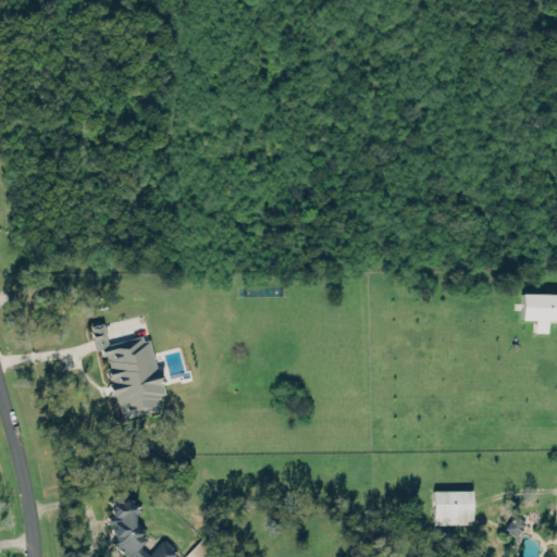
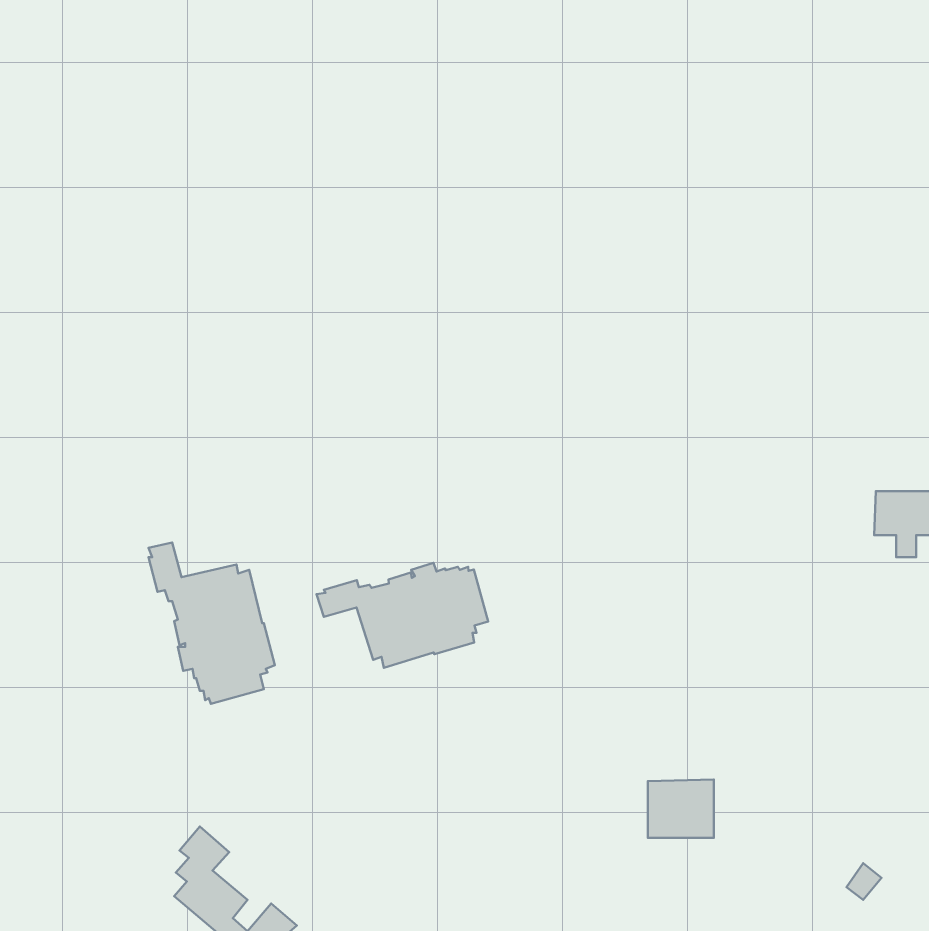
building: none -> [316,563,488,668]
building: [435,491,474,525] -> [648,779,714,838]

